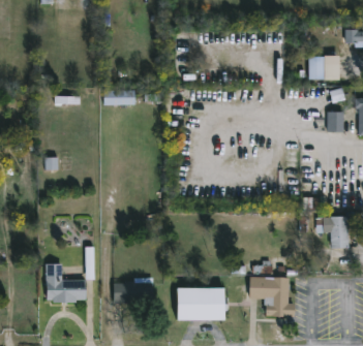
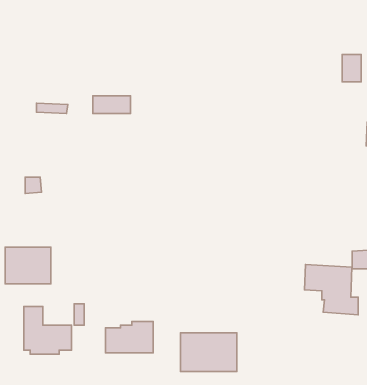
building: none -> [5,247,51,284]
building: [250,276,295,317] -> [304,265,358,315]

